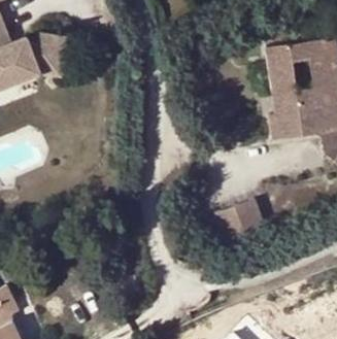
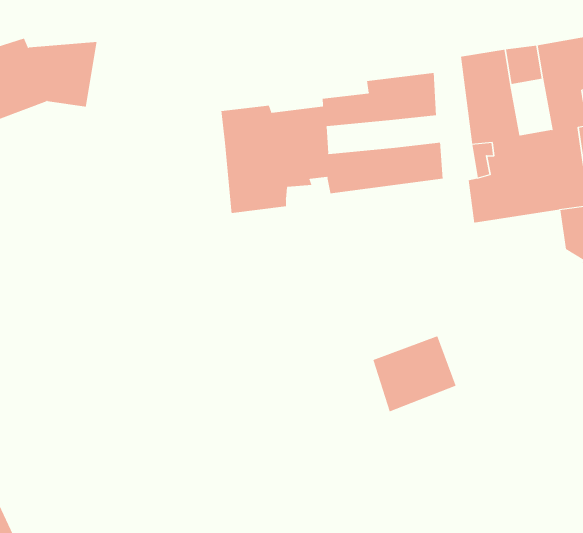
building: none -> [221,72,443,214]

